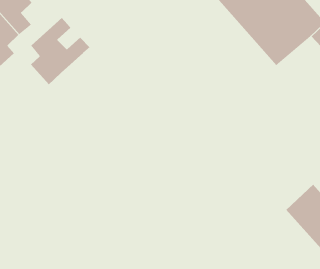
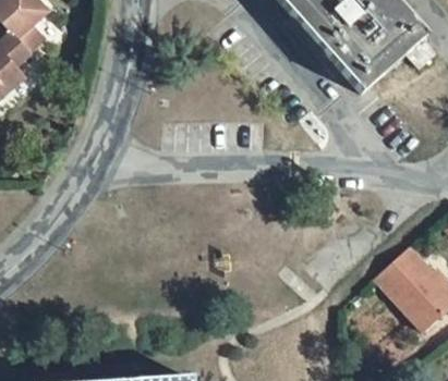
building: [30,17,90,85] -> none

